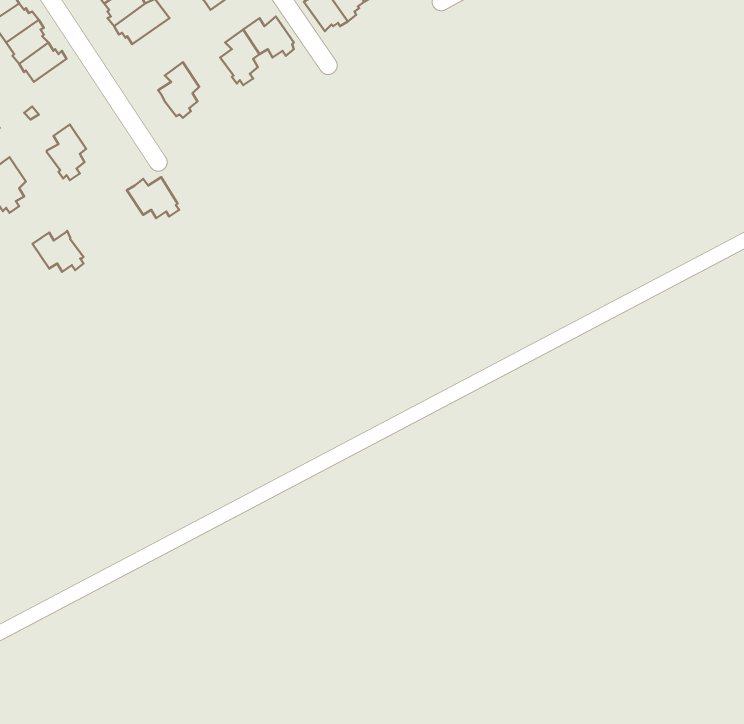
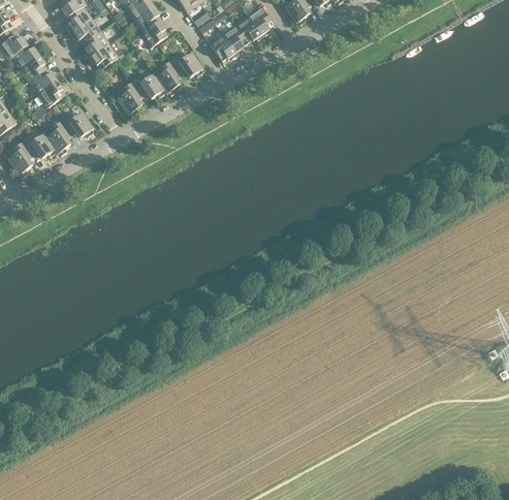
building: none -> [130,73,162,98]
building: none -> [36,79,63,107]
building: [127,177,179,218] -> [59,112,92,137]
building: [33,231,83,272] -> [21,132,53,158]

